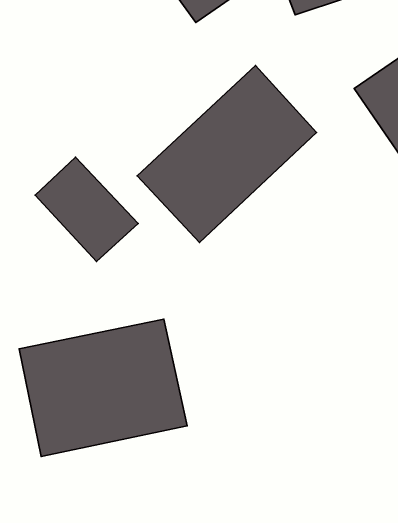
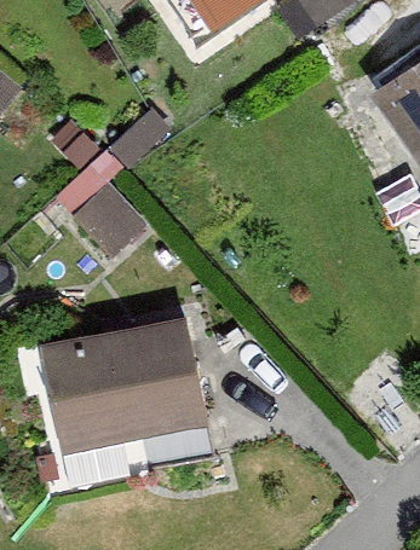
building: [137,65,316,242] -> none

